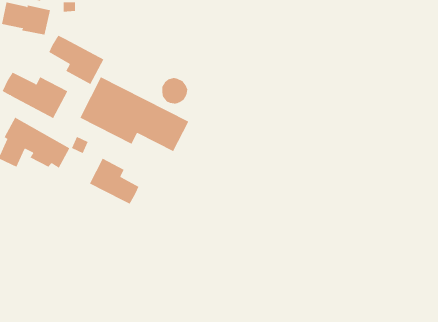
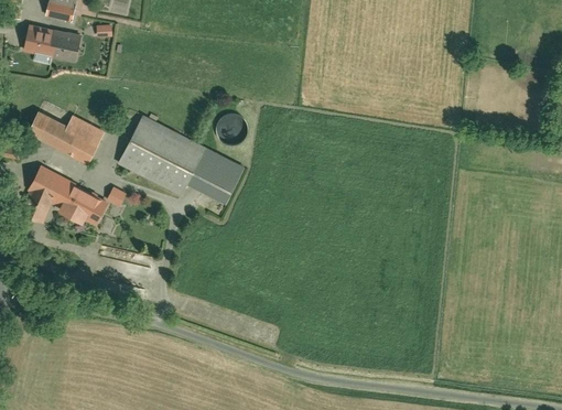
building: [48,35,104,85] -> none
building: [89,158,139,204] -> none

